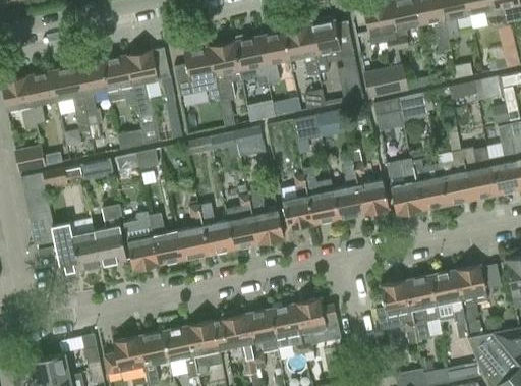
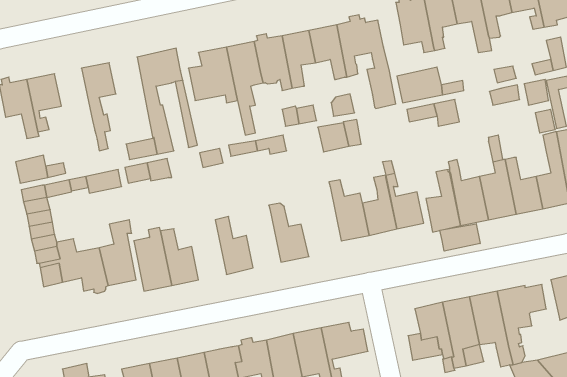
building: [102,56,136,106] -> none
building: [52,66,91,133] -> none
building: [282,174,313,229] -> none
building: [225,195,258,249] -> none
building: [177,205,209,260] -> none
building: none -> [440,224,480,251]

